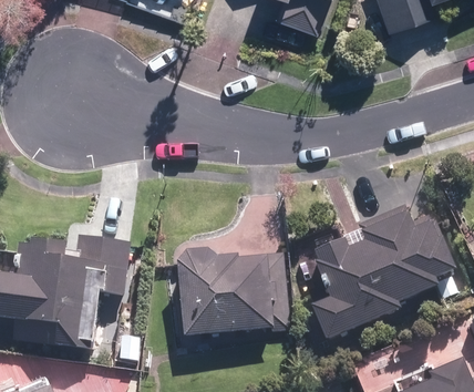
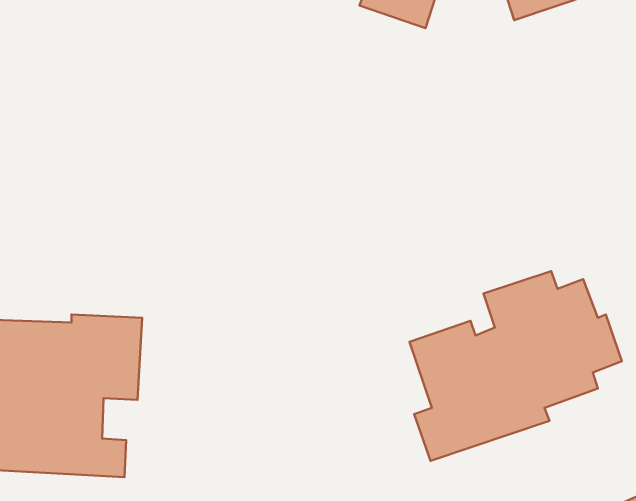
building: [178,248,281,331] -> none

